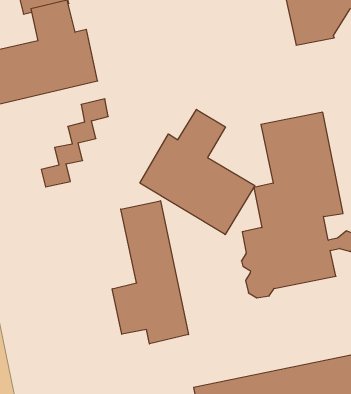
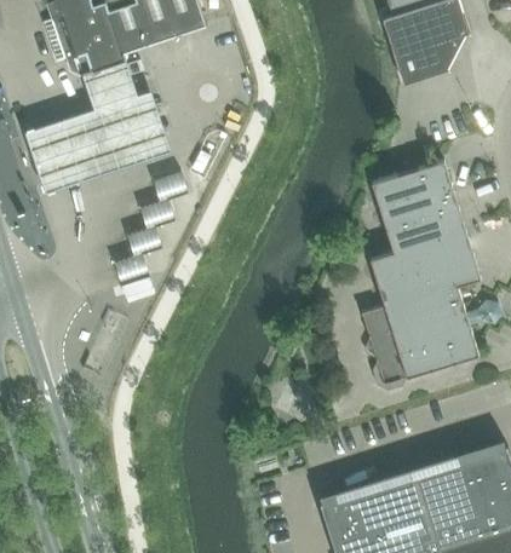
building: [140,109,255,235] -> none
building: [112,201,188,344] -> none

